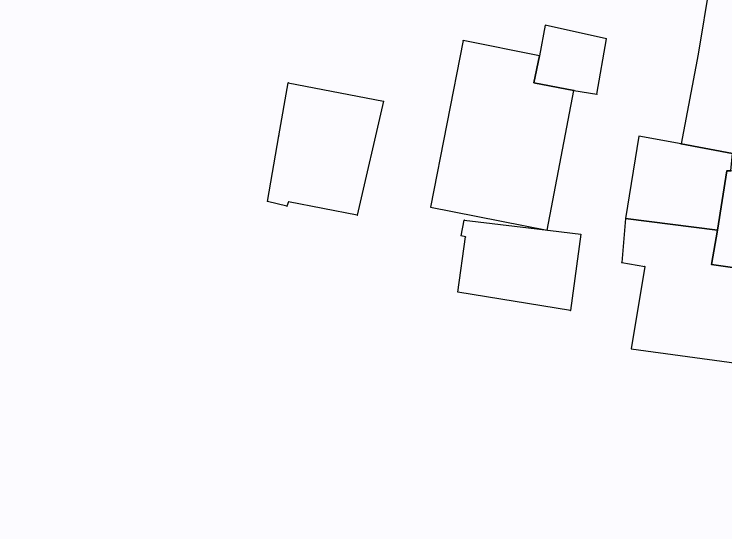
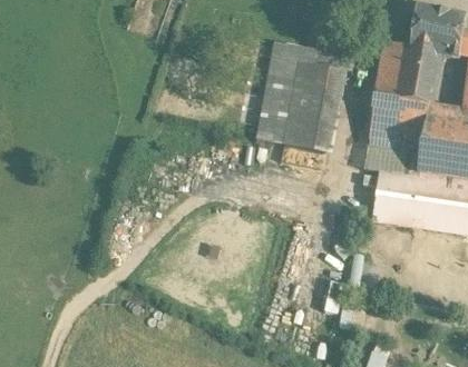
building: none -> [377,42,411,100]
building: [267,83,384,215] -> none
building: [458,220,581,311] -> none

